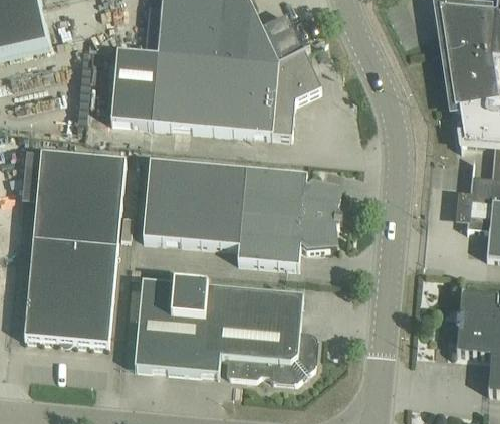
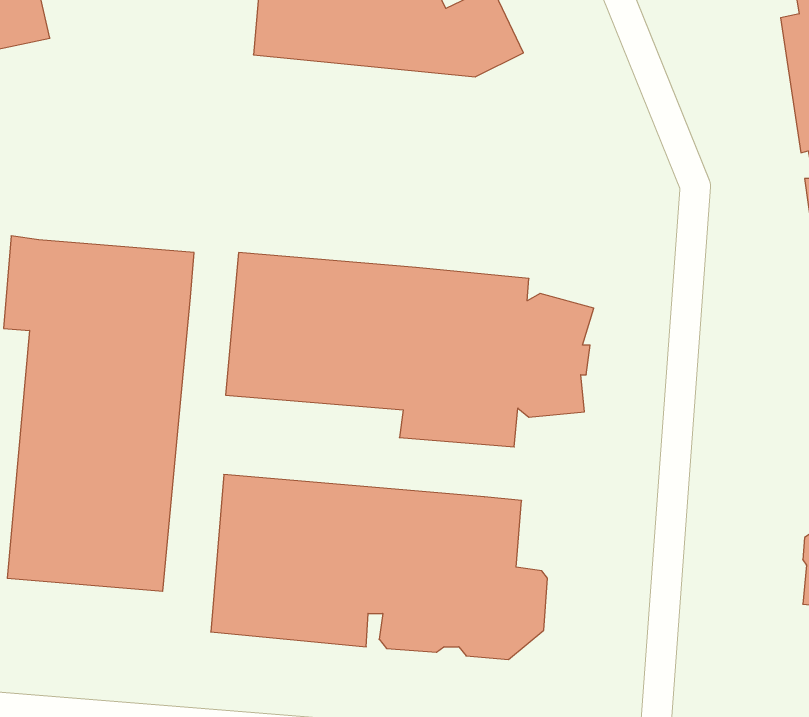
building: [111,48,321,134] -> none

